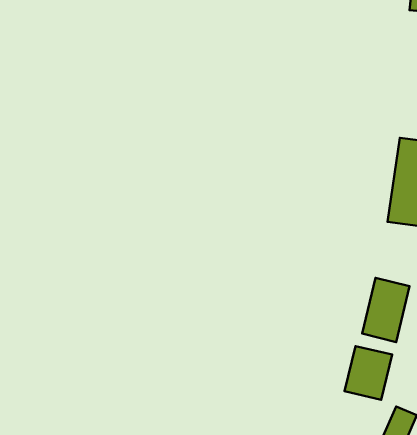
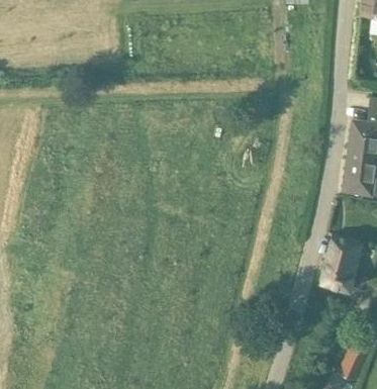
building: [345,346,392,400] -> none

